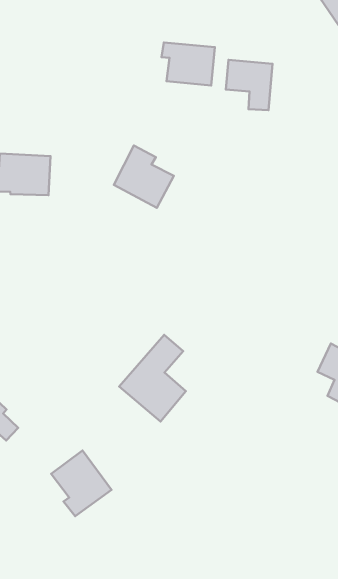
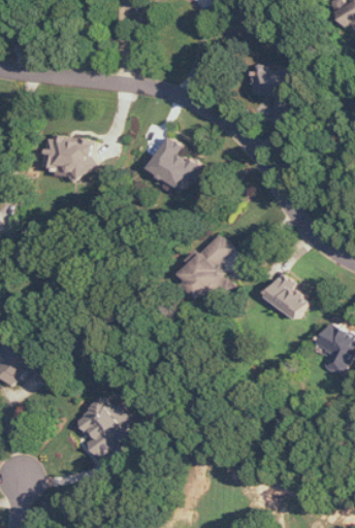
building: [161,43,215,86] -> none
building: none -> [261,274,308,320]
building: [119,335,186,421] -> [173,232,231,307]

